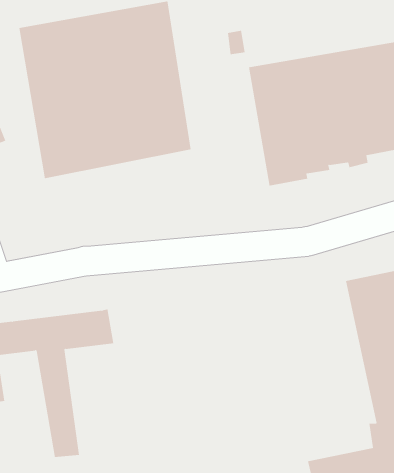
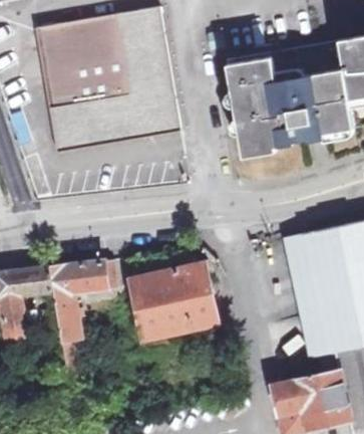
building: none -> [281,235,328,355]
building: none -> [131,262,217,337]

